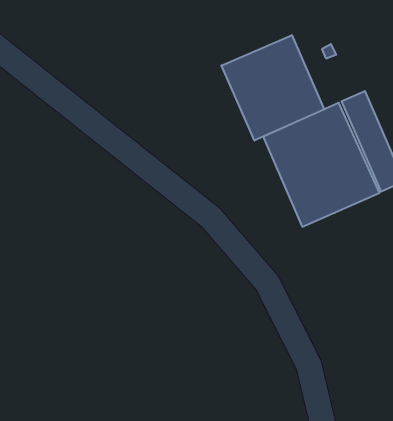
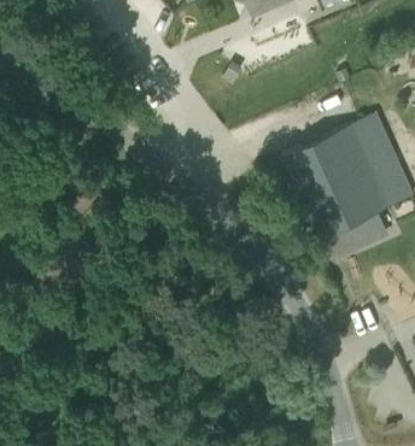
building: [221,35,324,141] -> none

